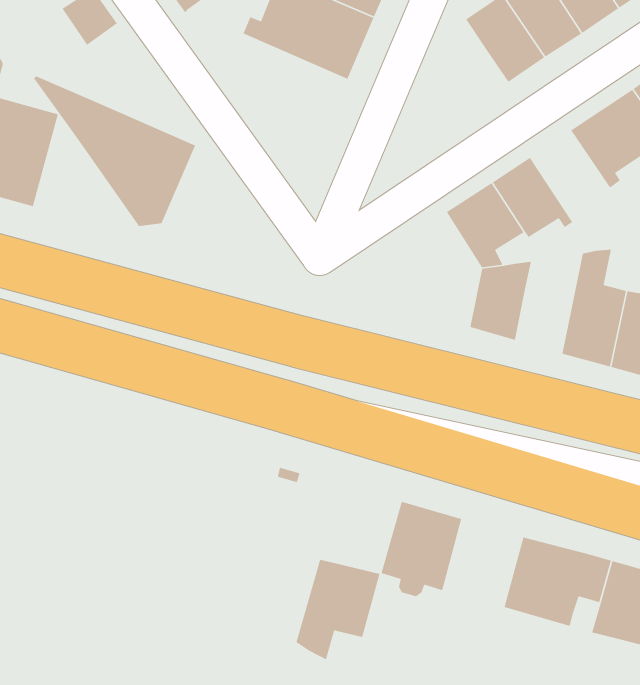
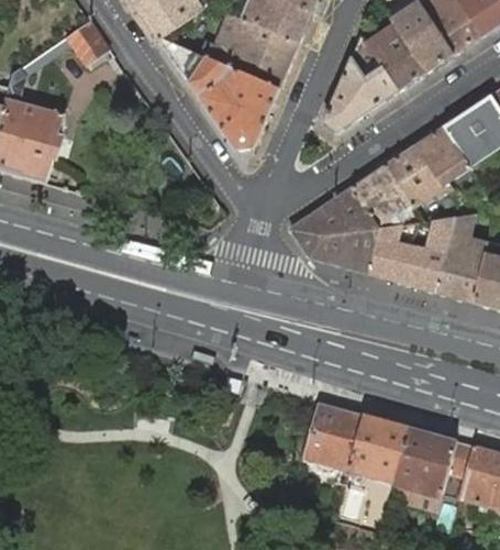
building: none -> [324,36,398,132]
building: [33,75,196,227] -> [158,37,279,150]
building: none -> [414,127,471,195]
building: none -> [290,187,378,273]
building: none -> [403,218,453,293]
building: none -> [349,415,409,481]
building: [296,559,380,661] -> none

